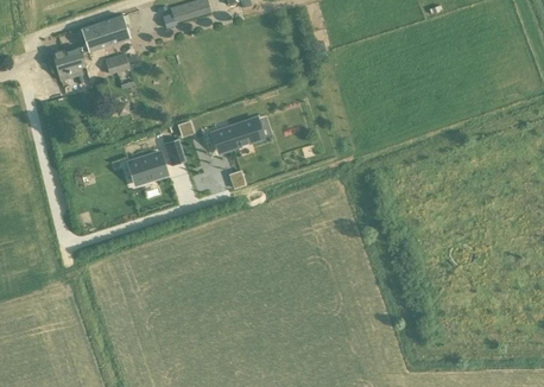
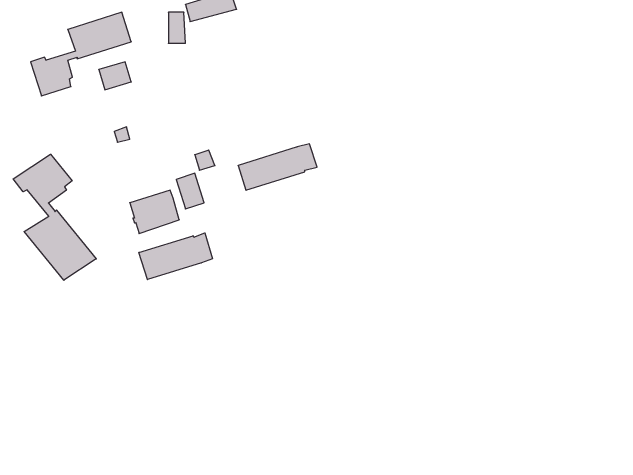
building: none -> [13,154,96,280]
building: none -> [139,233,212,280]

